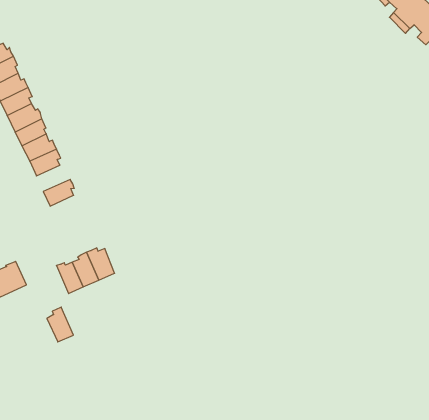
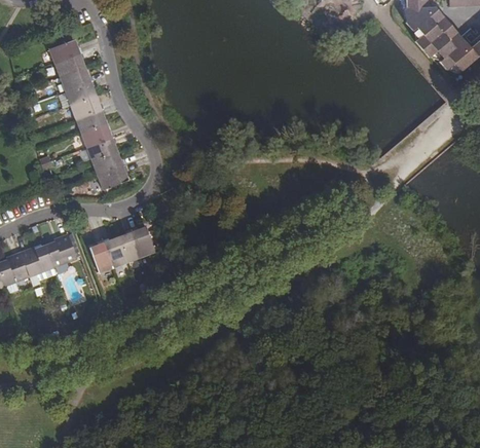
building: none -> [93,151,122,174]
building: [47,307,73,342] -> [91,240,114,271]

